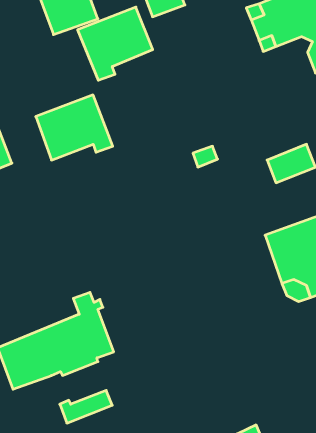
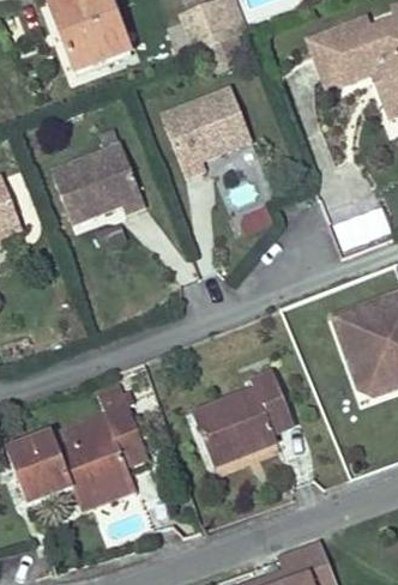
building: [78,7,153,80] -> [162,88,253,176]
building: none -> [194,372,294,464]
building: [60,390,112,423] -> [72,468,135,507]

